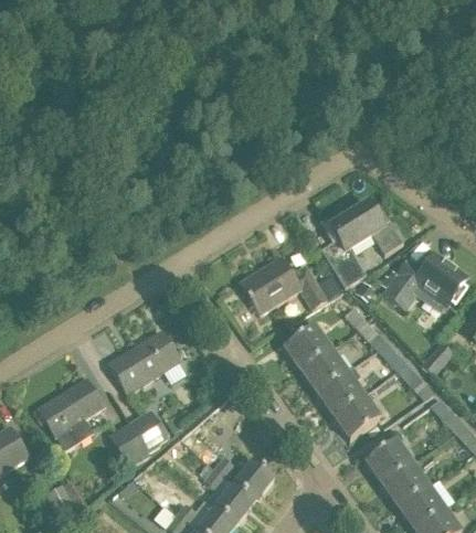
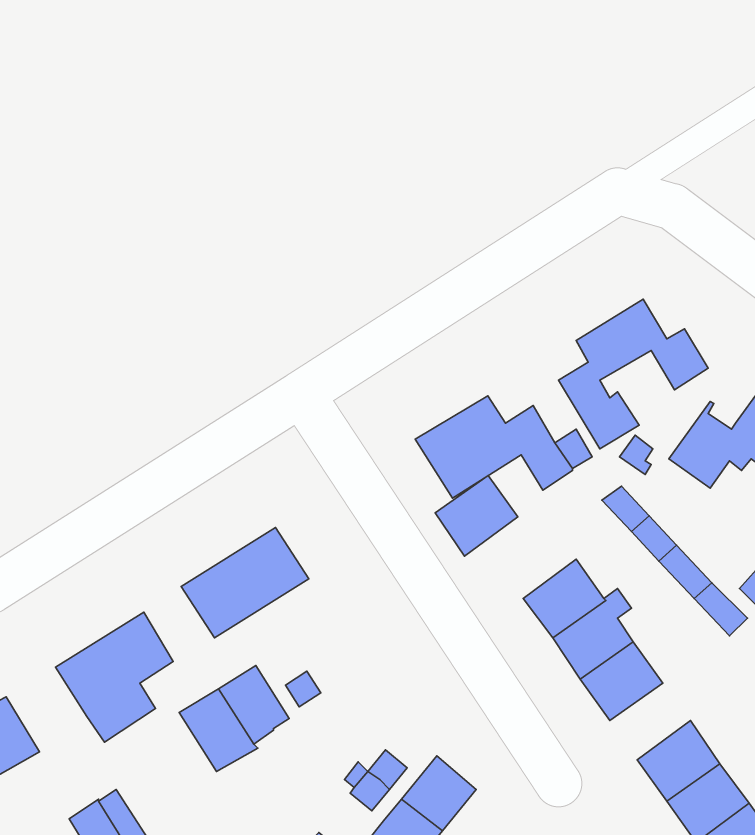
building: [284,324,330,370] -> [435,476,518,556]

